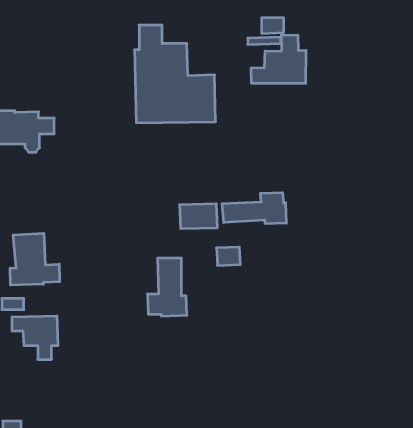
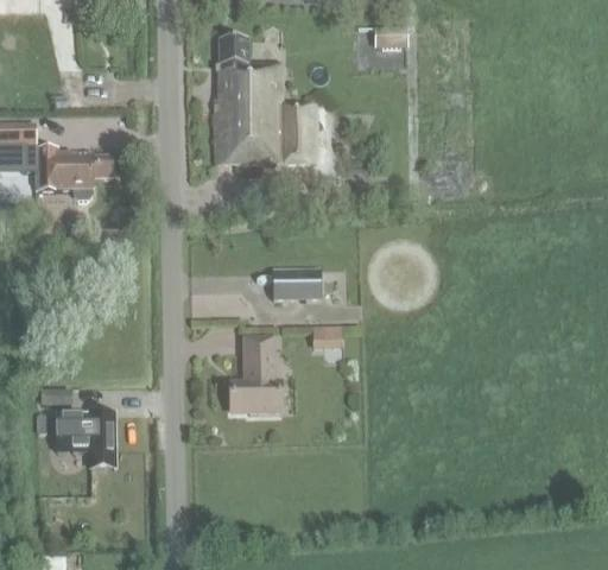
building: [251,35,306,83] -> none
building: [222,193,286,224] -> none
building: [10,233,60,285] -> none

